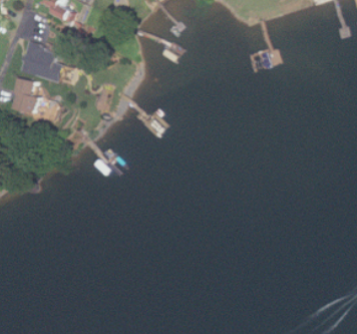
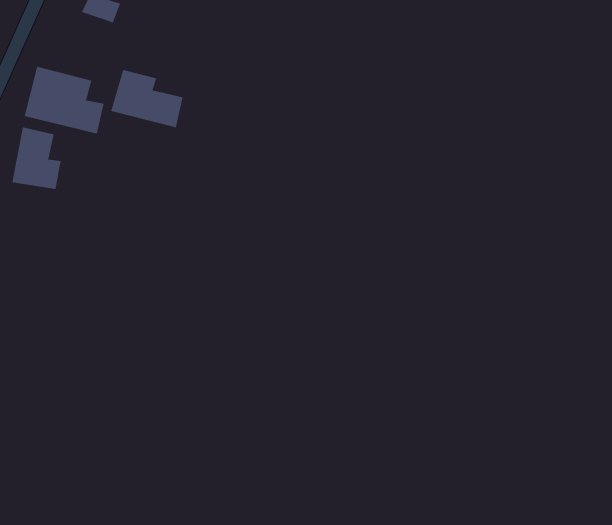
building: none -> [111,69,183,128]

